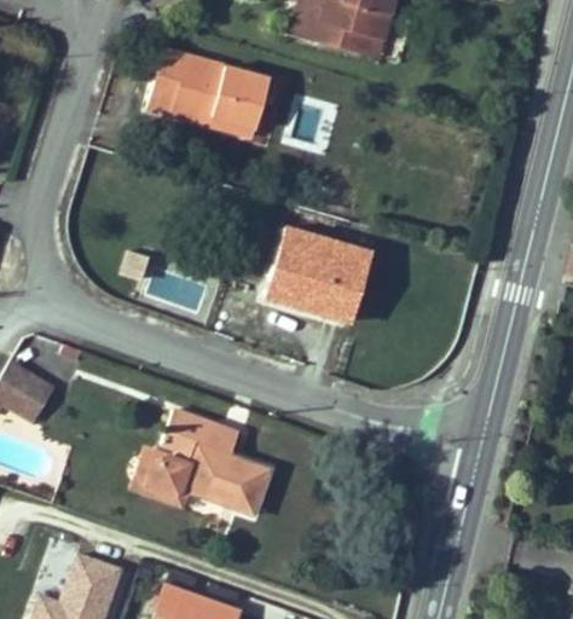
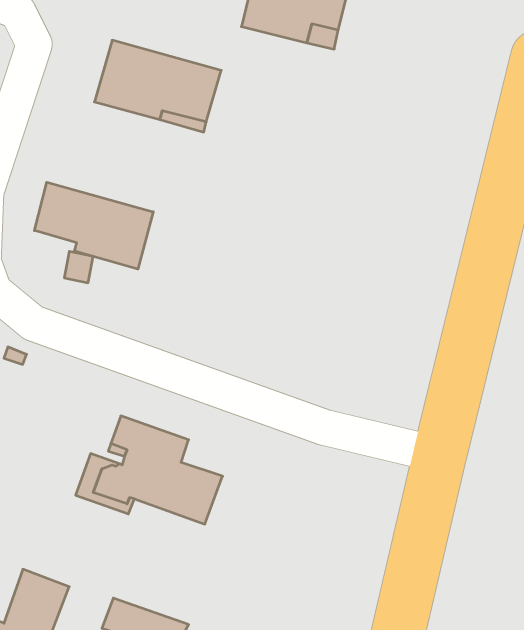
building: none -> [34,182,153,269]
building: [266,227,372,320] -> none

